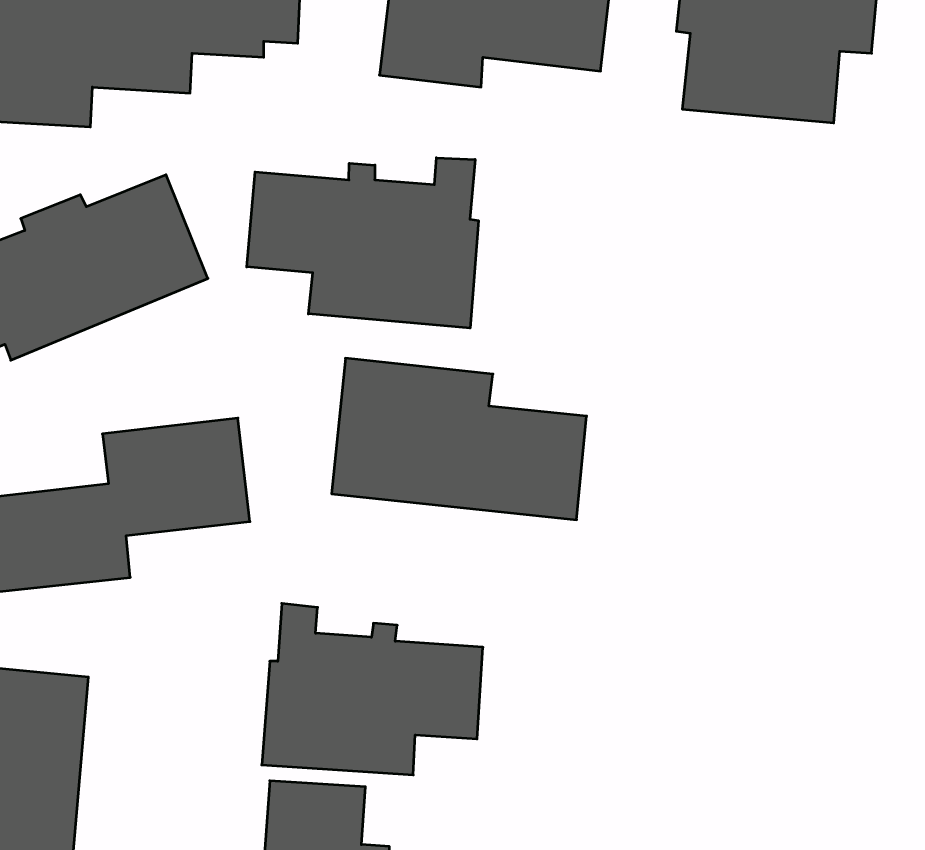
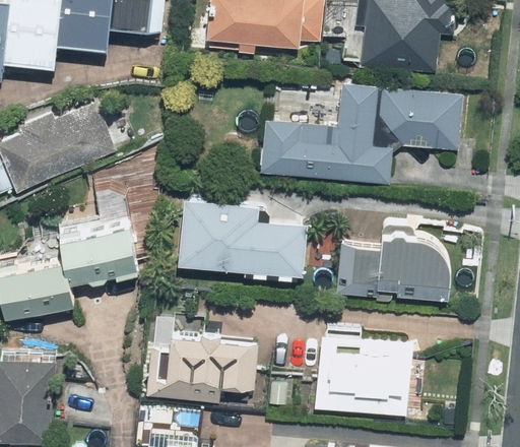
building: none -> [258,84,462,184]
building: [247,158,478,328] -> none
building: none -> [335,231,449,305]
building: none -> [315,328,412,418]

